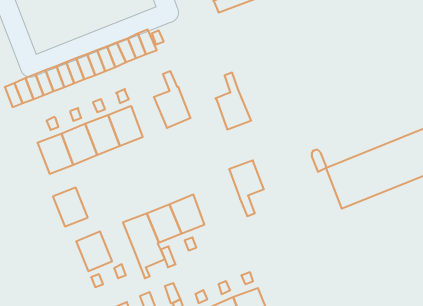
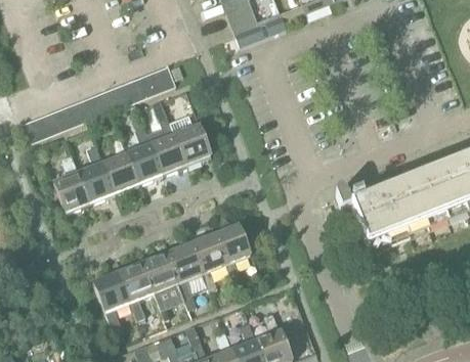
building: [215,73,251,129] -> [149,115,186,173]
building: [229,160,264,216] -> [214,223,250,280]
building: [53,188,88,226] -> [118,261,154,301]

